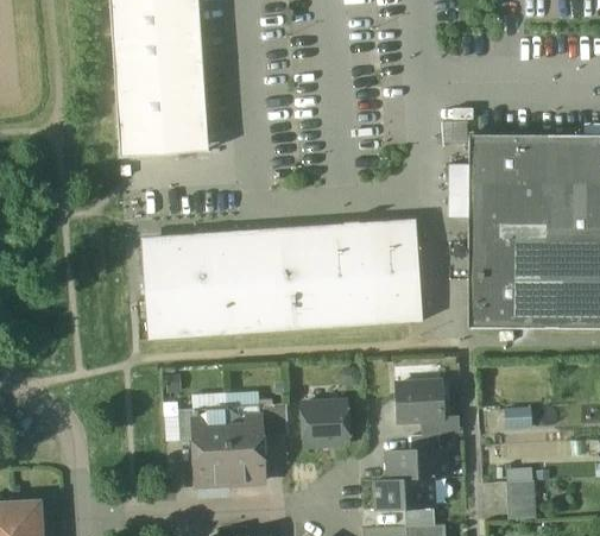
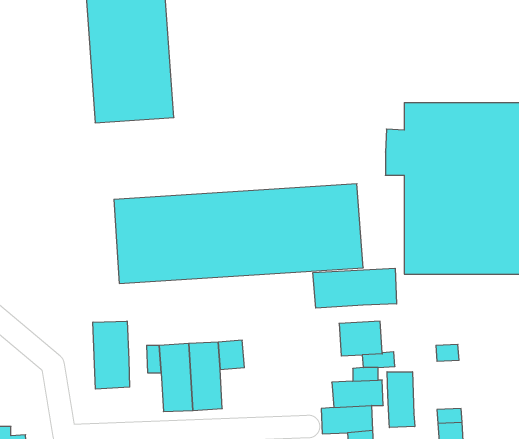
building: none -> [313,268,397,308]
building: none -> [93,321,130,389]
building: [301,399,349,444] -> none
building: none -> [387,372,415,428]

